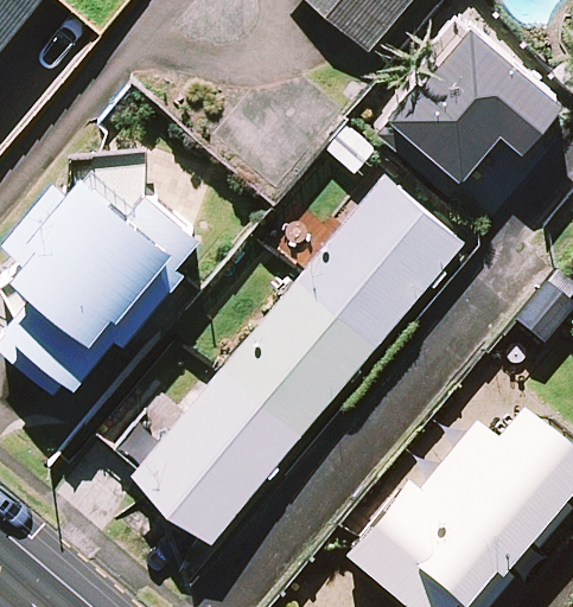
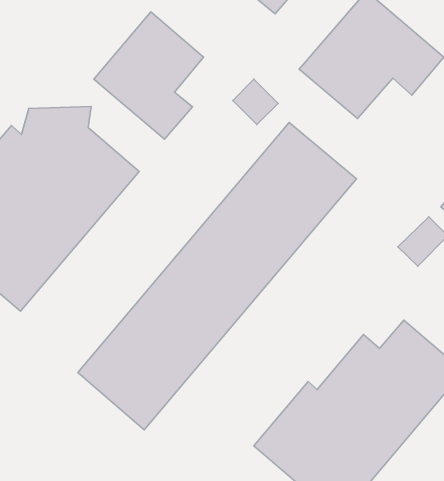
building: none -> [94,12,204,139]

